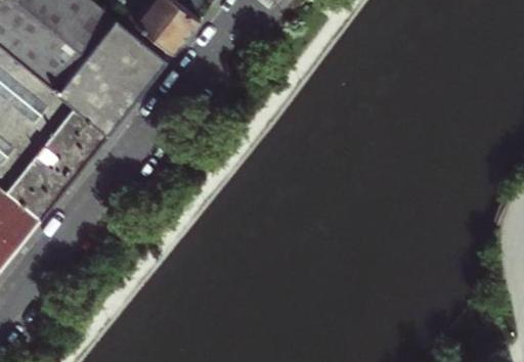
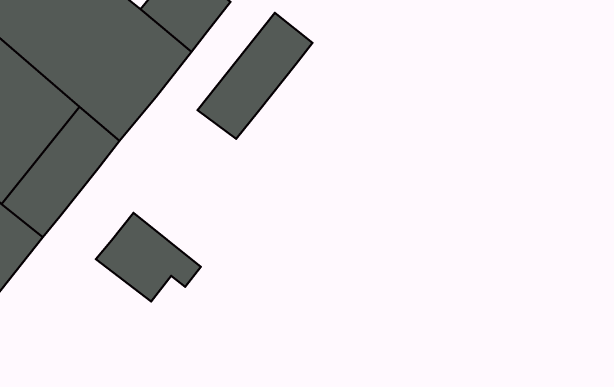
building: none -> [198,13,312,139]
building: none -> [96,213,201,302]

